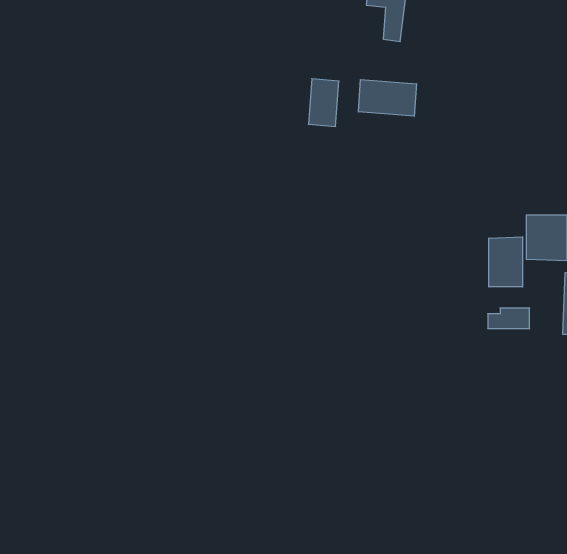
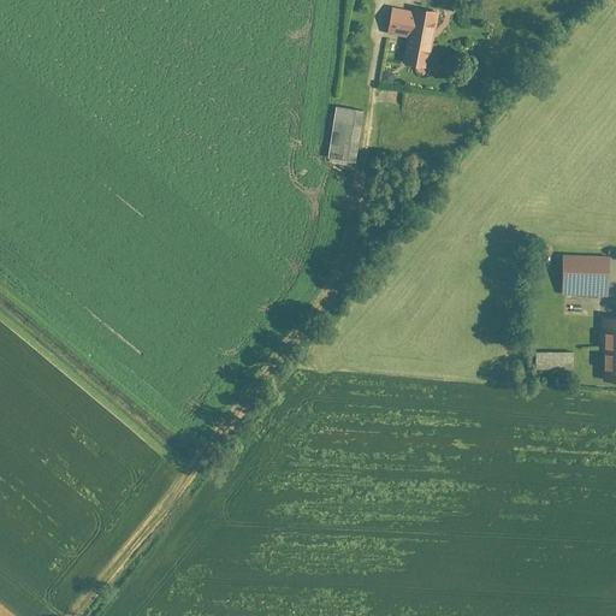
building: [358,80,416,116] -> none
building: [489,237,523,287] -> none

